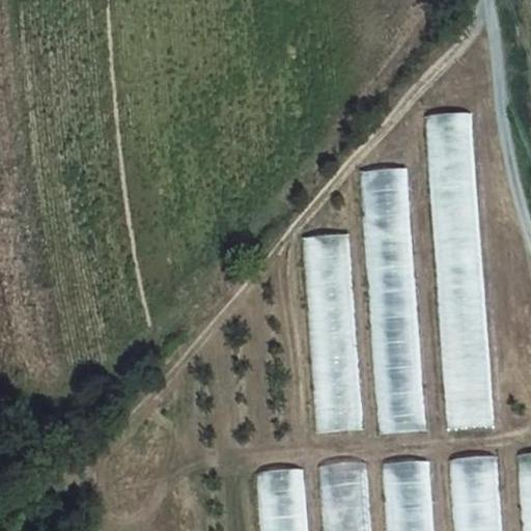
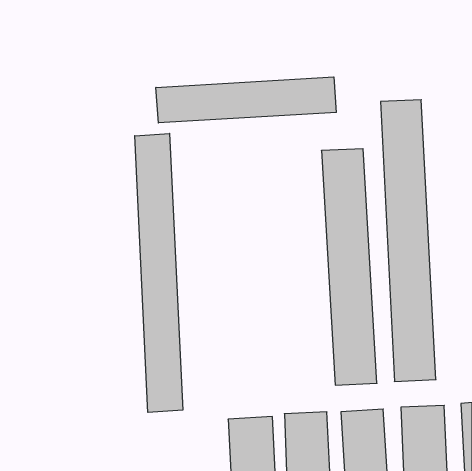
building: none -> [156,77,336,123]
building: none -> [135,133,183,412]
building: [303,234,360,432] -> none

